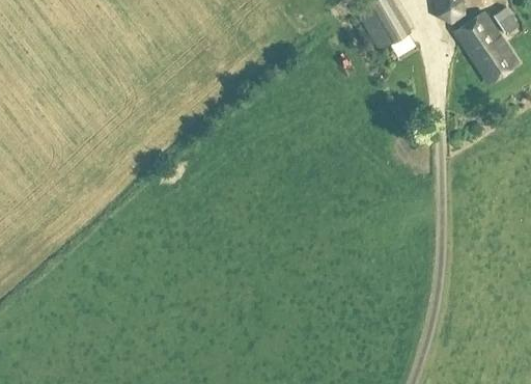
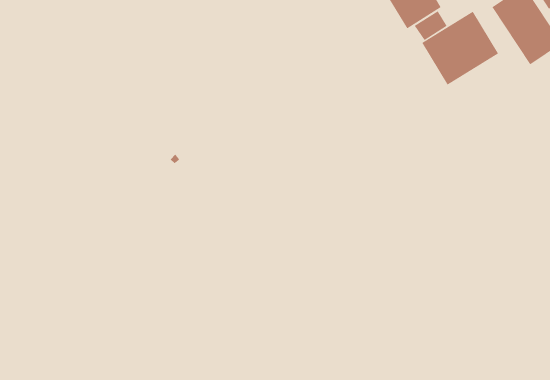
building: none -> [421,11,499,86]

